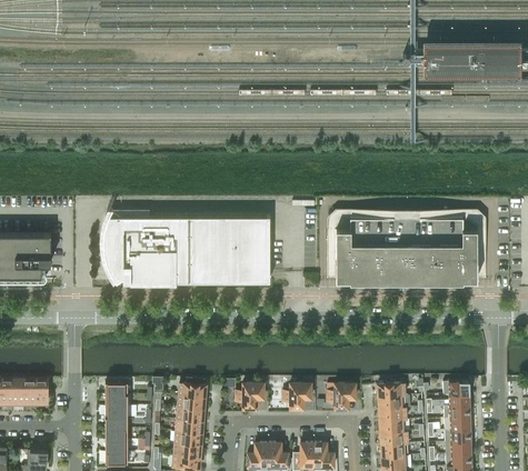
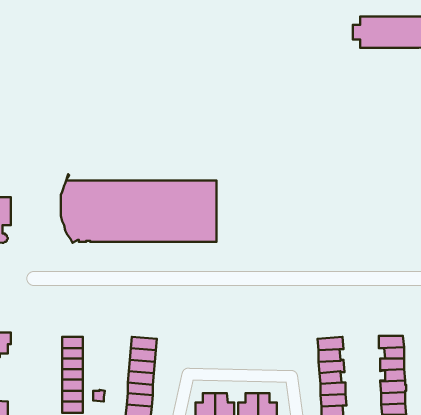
building: [336,220,478,283] -> none
building: [236,385,265,411] -> none
building: [283,385,311,411] -> none
building: [328,385,356,411] -> none

